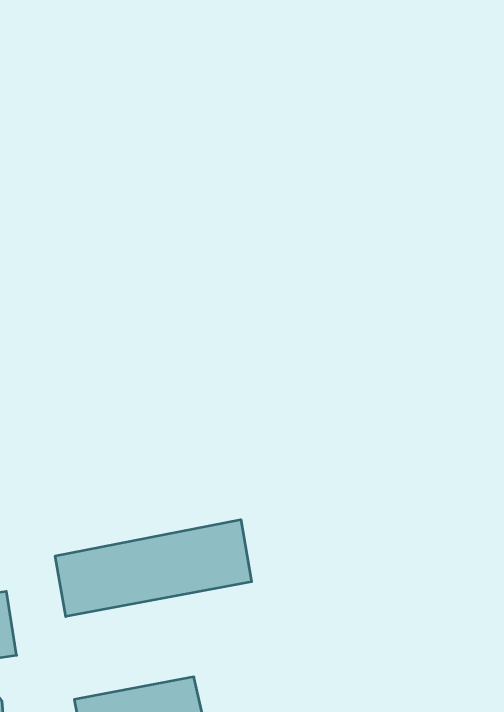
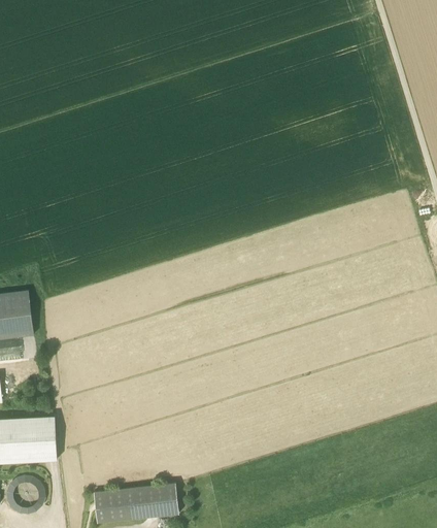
building: [55,520,252,617] -> none

